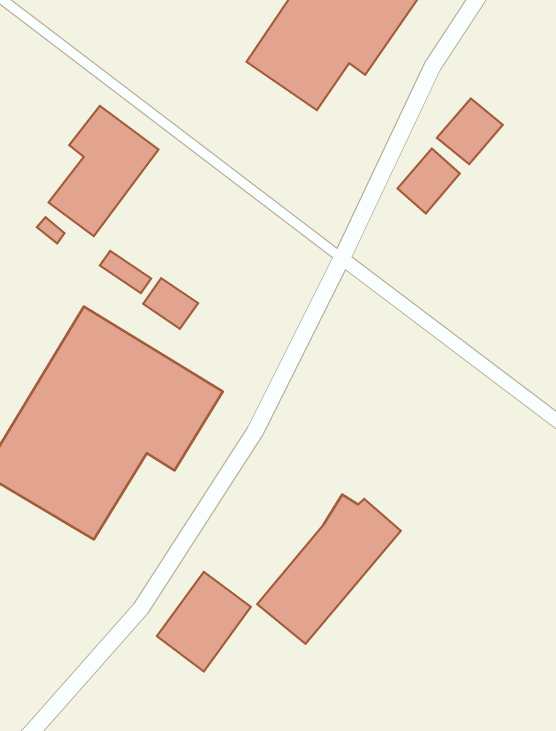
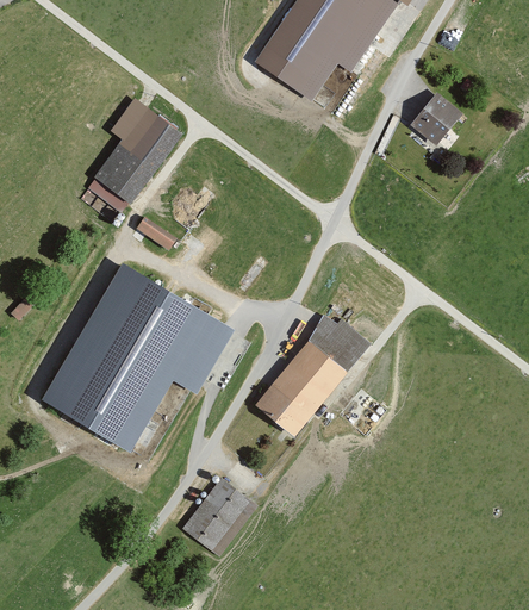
building: [398,148,460,214] -> none
building: [143,278,198,329] -> none
building: [257,494,401,644] -> [254,315,371,436]

